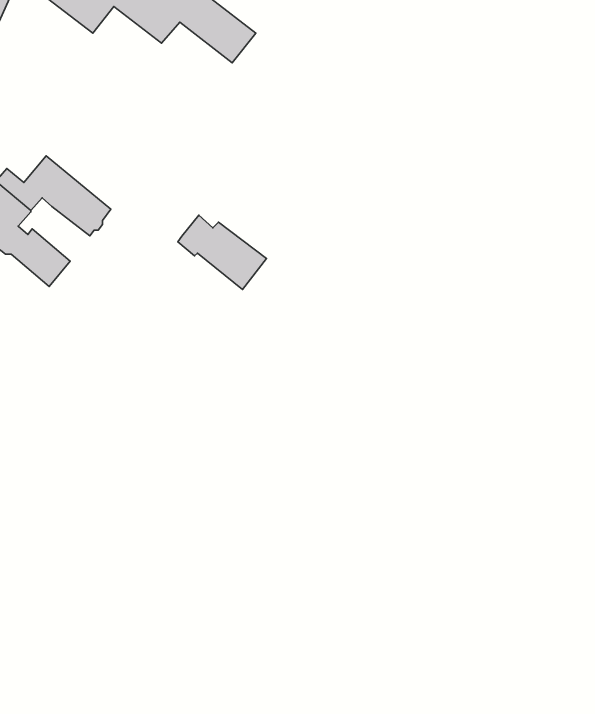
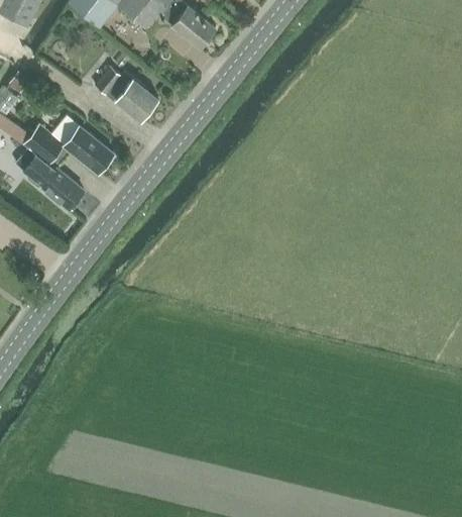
building: [178,215,266,290] -> [96,69,159,122]

